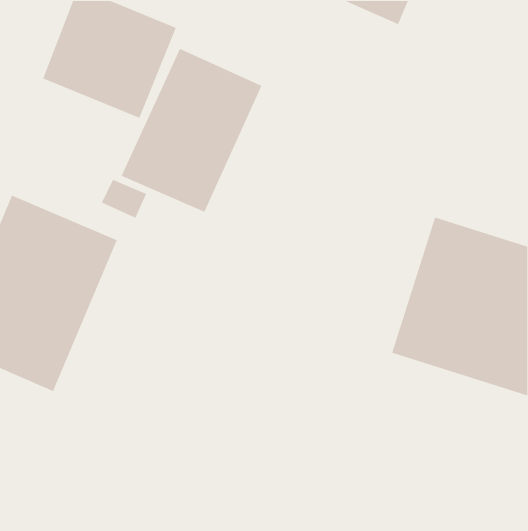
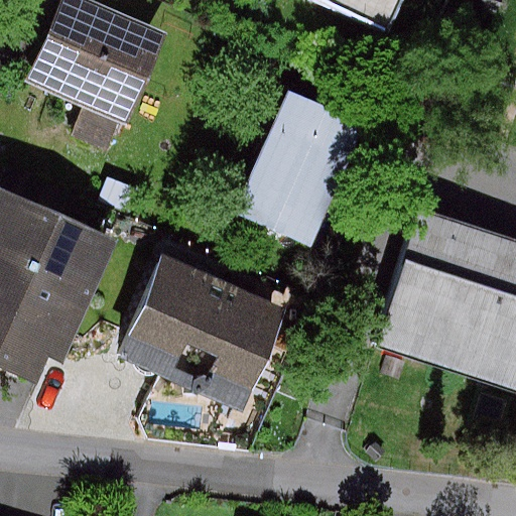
building: [121,48,263,213] -> [227,91,363,249]
building: none -> [130,259,290,397]

